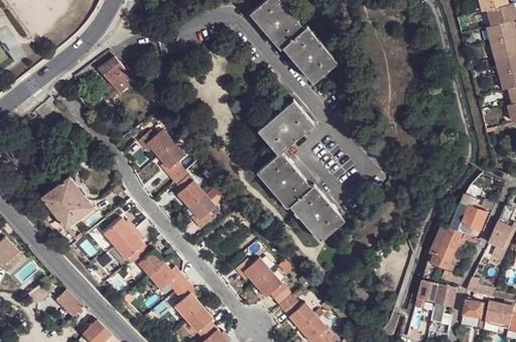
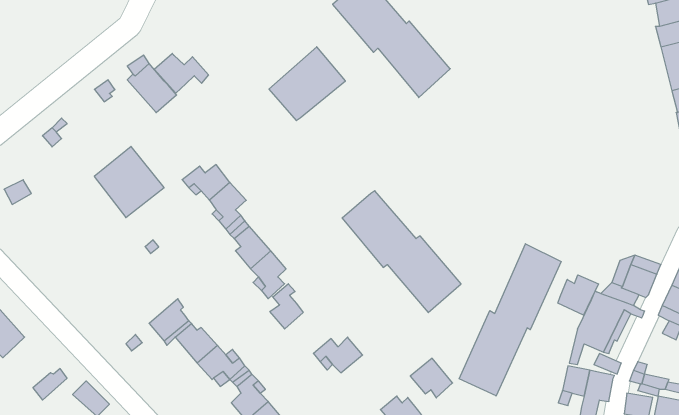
building: none -> [154,53,208,93]
building: [257,98,313,152] -> [269,47,345,121]
building: [41,177,93,229] -> [94,146,164,218]
building: none -> [459,244,561,396]
building: none -> [558,275,598,315]
building: none -> [270,284,303,329]
building: [103,220,135,248] -> none
building: [255,271,286,301] -> [410,358,453,398]

